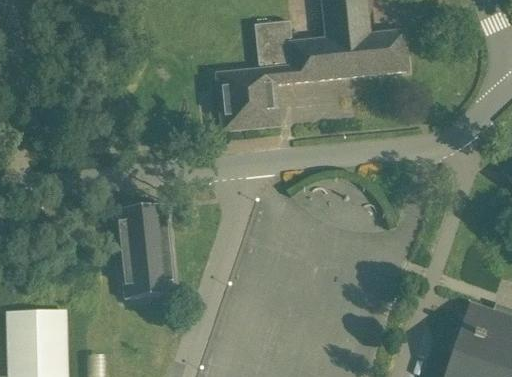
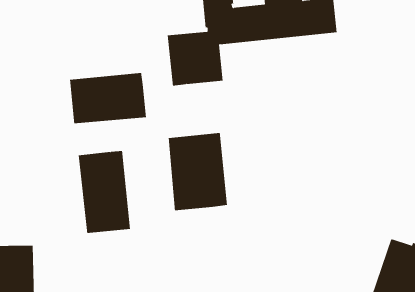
building: none -> [69,72,146,124]
building: none -> [168,132,228,211]

